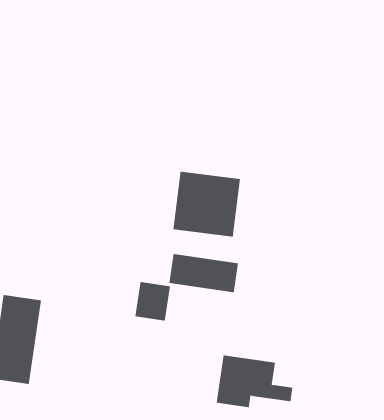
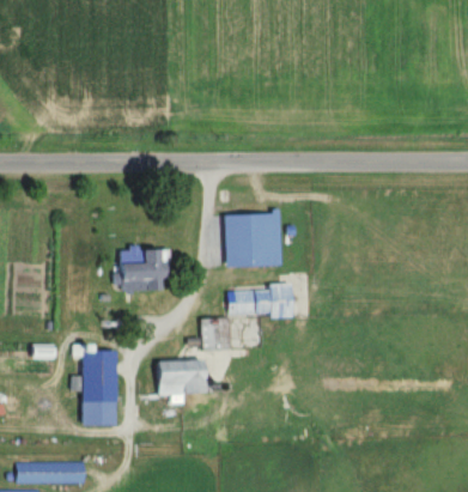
building: none -> [118,250,163,291]
building: [216,355,293,408] -> [156,360,224,405]

